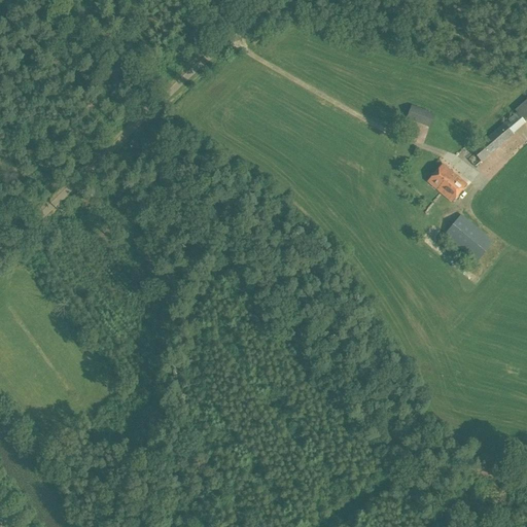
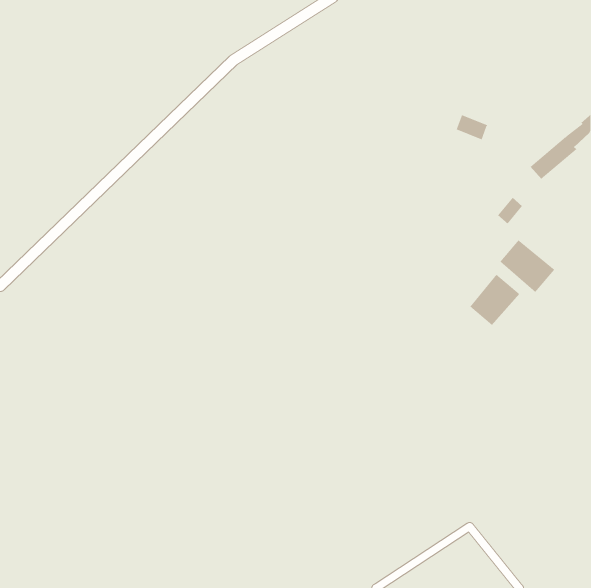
building: [428,163,456,191] -> none
building: none -> [469,274,520,326]

